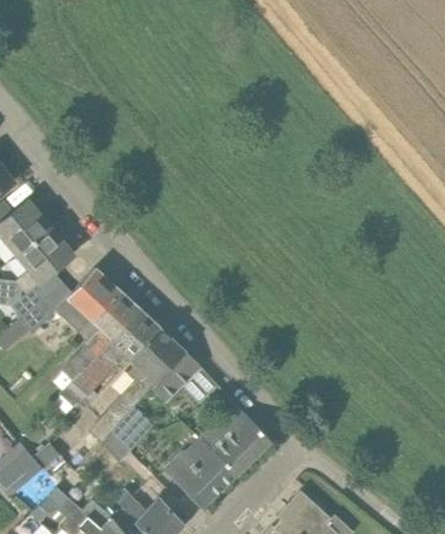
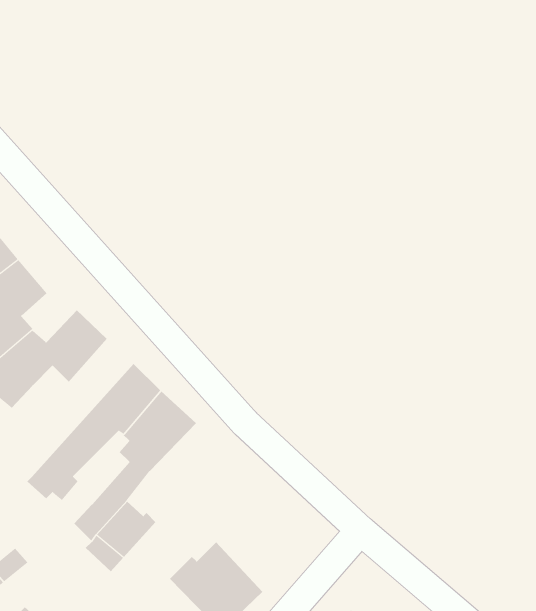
building: [52,289,138,391] -> none
building: [150,352,218,405] -> none
building: [200,406,271,477] -> none

